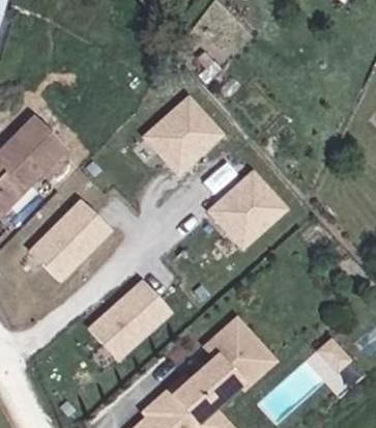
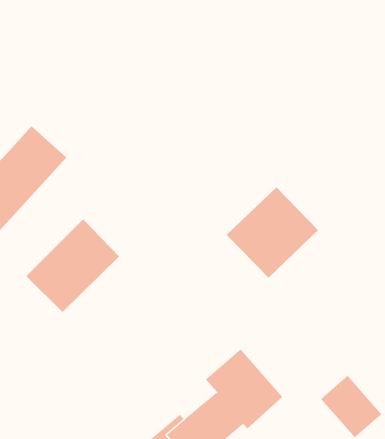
building: [142,94,227,178] -> none
building: [87,281,170,361] -> none

